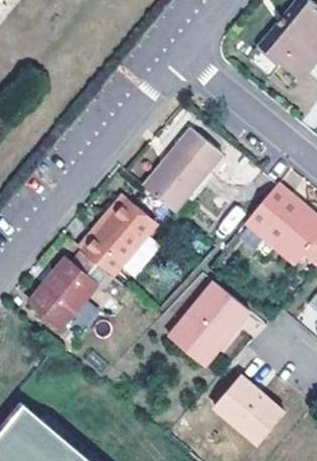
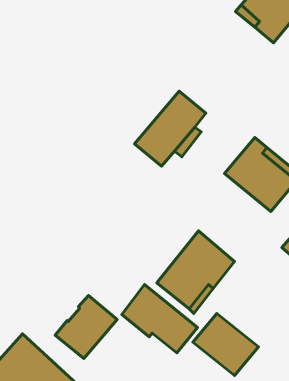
building: [84,201,159,276] -> none
building: [32,256,100,325] -> [55,295,117,358]
building: none -> [122,285,198,353]

